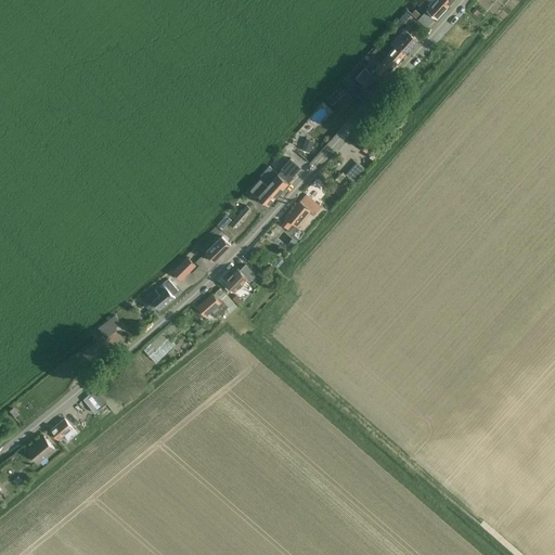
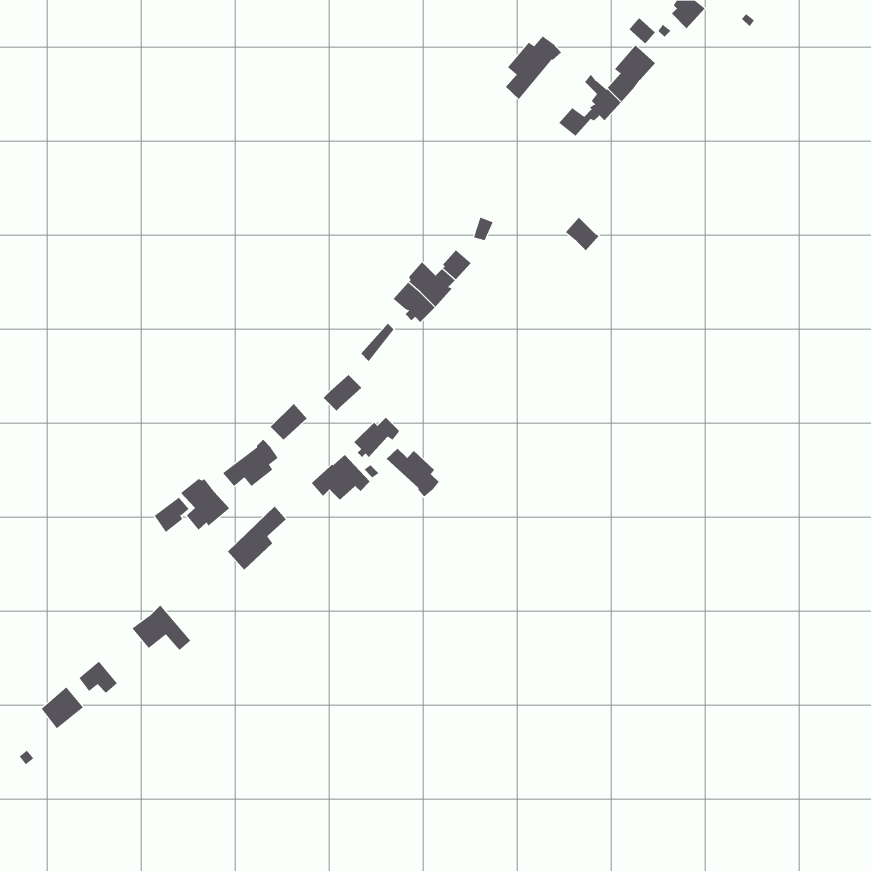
building: none -> [505,36,562,100]
building: [281,196,320,234] -> none
building: none -> [386,448,439,497]
building: none -> [180,478,230,531]

